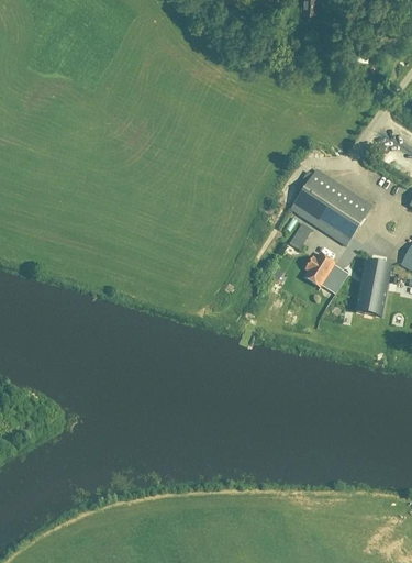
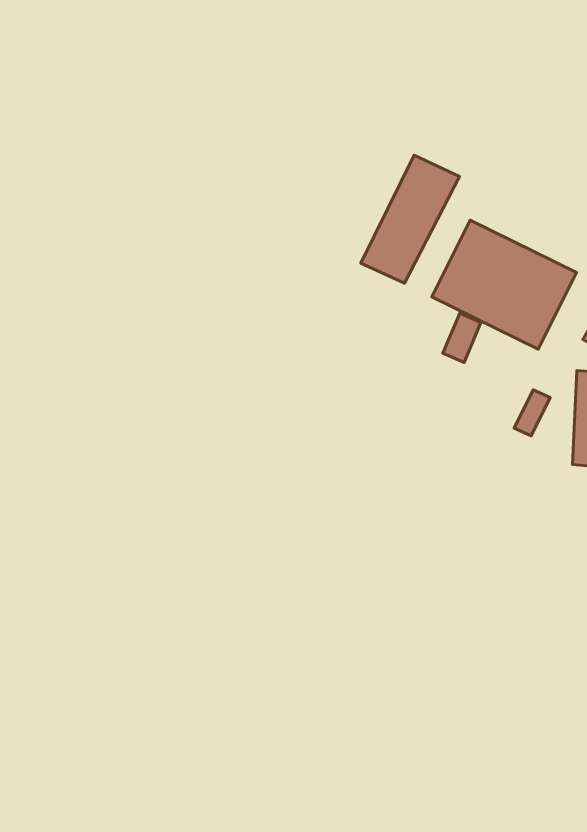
building: none -> [361,155,459,283]
building: [302,252,333,286] -> none

